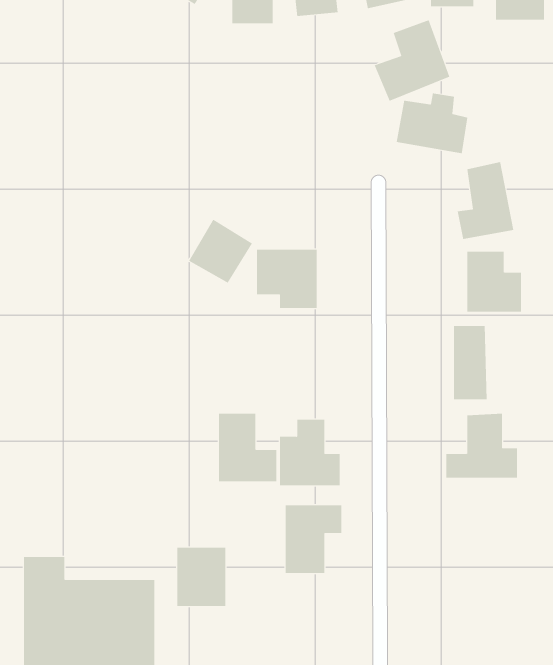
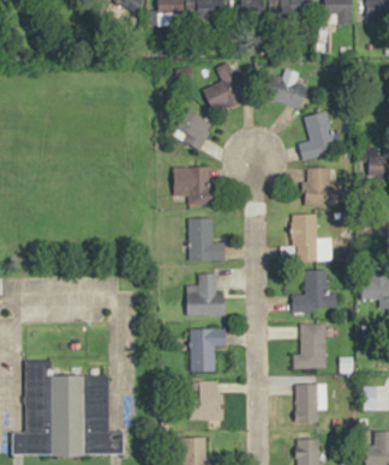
building: [374,19,450,102] -> [202,60,250,111]
building: [188,219,253,284] -> [172,110,213,151]
building: [218,413,277,482] -> [187,219,225,262]
building: none -> [292,324,325,368]
building: [176,547,226,606] -> [187,381,219,418]
building: none -> [295,384,317,421]

